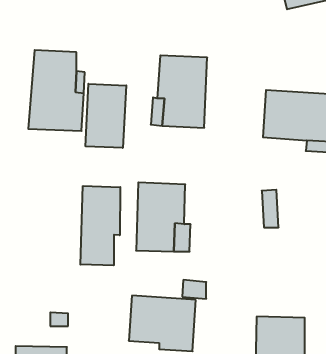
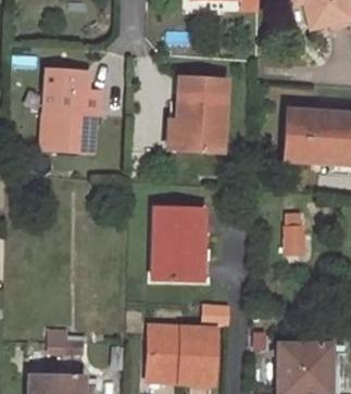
building: [86,84,126,148] -> none
building: [80,186,120,265] -> none

